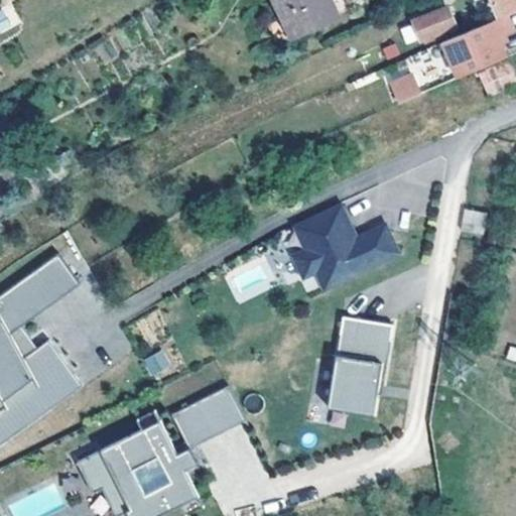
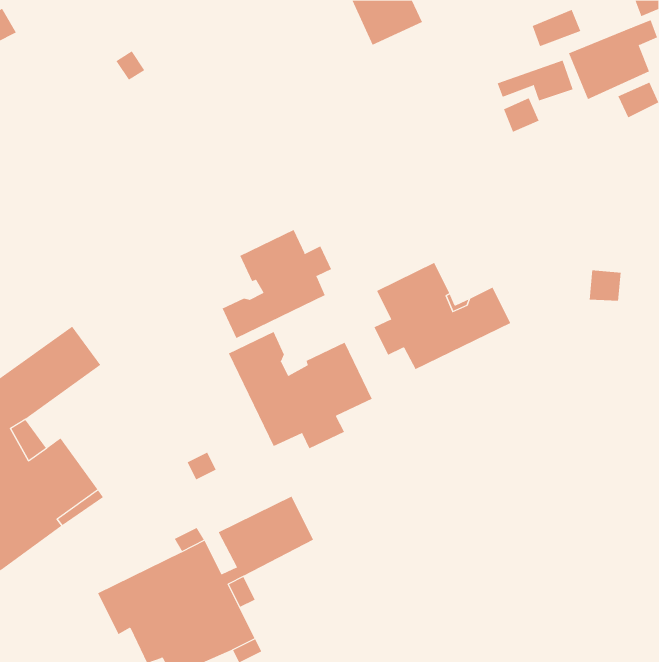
building: none -> [222,229,332,339]
building: none -> [228,331,373,449]
building: [328,312,394,411] -> none

